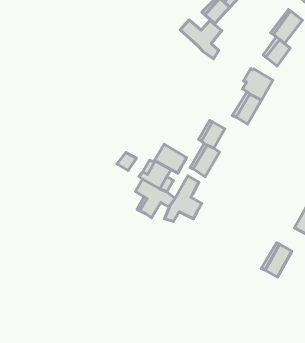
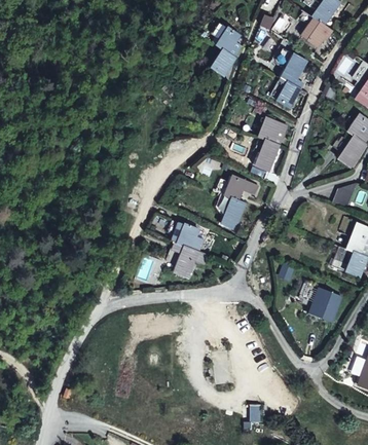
building: [180,20,222,59] -> none
building: [155,144,186,173] -> none
building: [164,176,202,222] -> none

